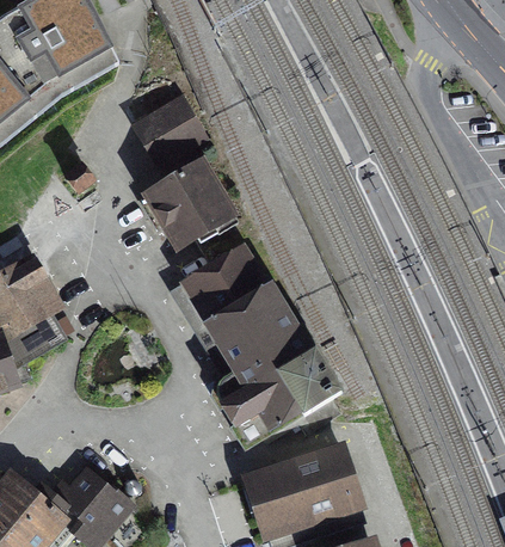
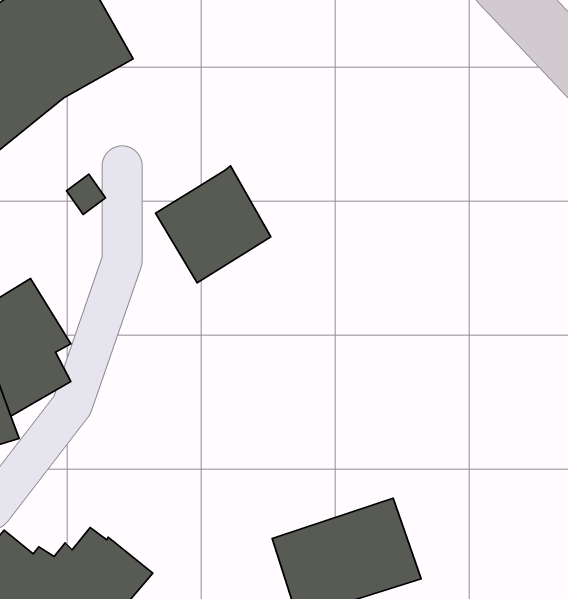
building: [128,93,208,176] -> none
building: [177,241,340,448] -> none

